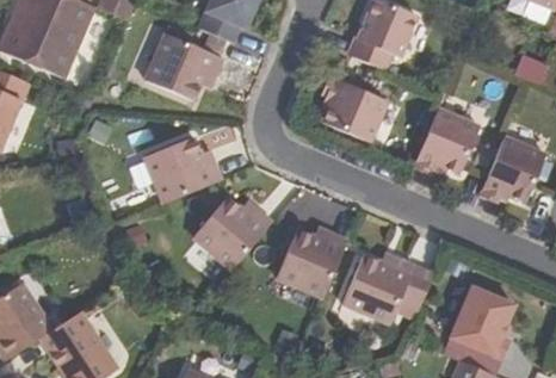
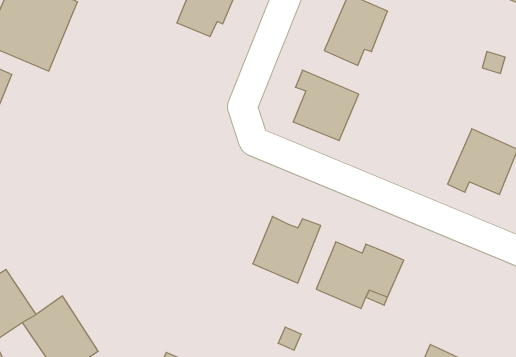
building: [146,32,223,99] -> none
building: [410,111,483,179] -> none
building: [141,136,218,203] -> none
building: [192,194,272,268] -> none
building: [449,285,513,358] -> none

